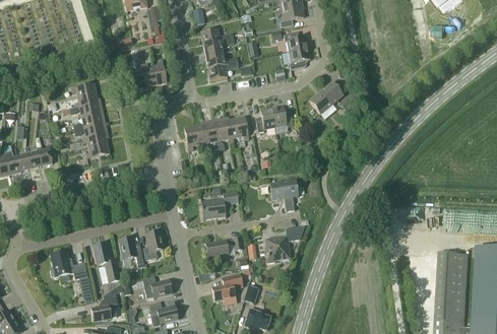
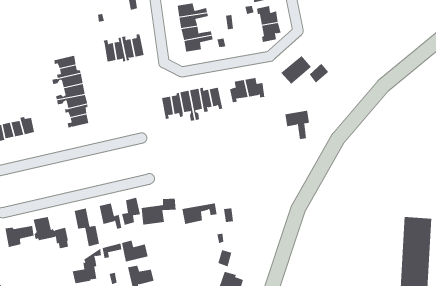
building: [270,180,297,210] -> [285,110,310,139]
building: [200,191,238,219] -> [141,198,177,225]
building: [265,225,304,262] -> none
building: none -> [5,225,34,248]
building: [211,273,242,305] -> none

